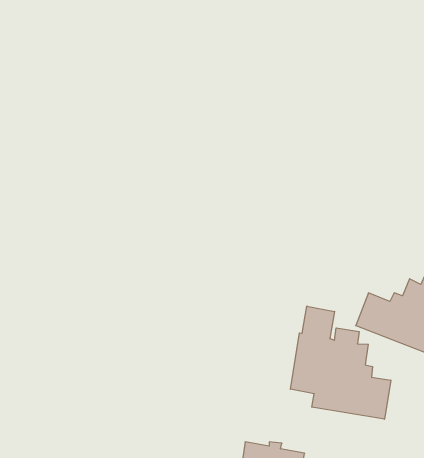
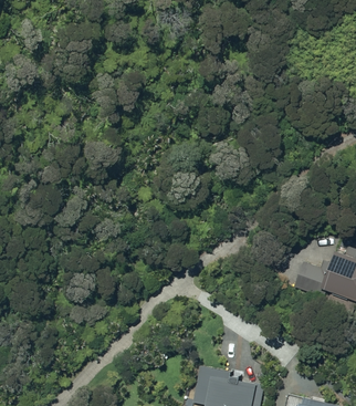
building: [290,306,391,419] -> none

